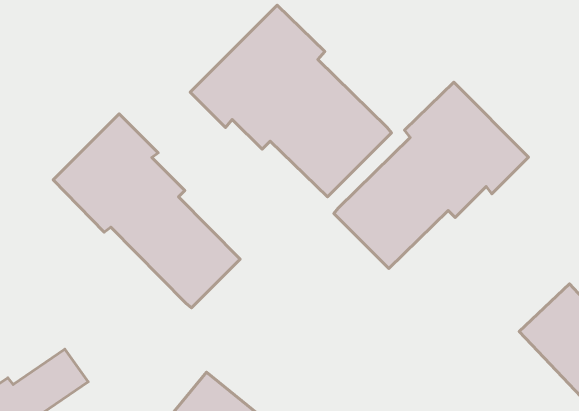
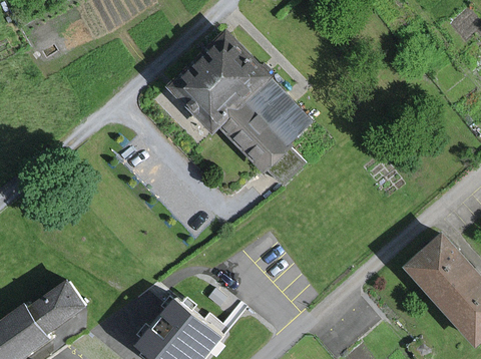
building: [334,82,529,269] -> none
building: [53,114,240,308] -> none

